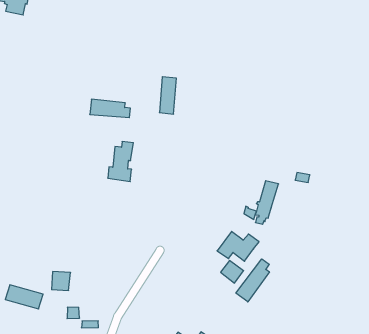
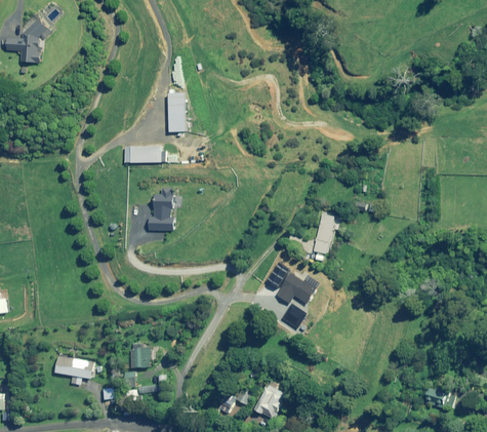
building: [159,77,176,114] -> [168,92,185,131]
building: [236,259,269,302] -> none
building: [52,272,71,290] -> [130,347,150,367]

